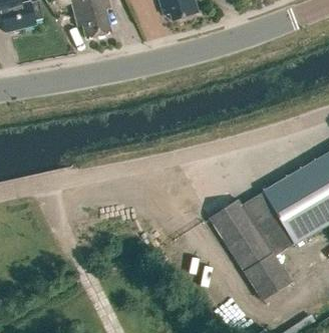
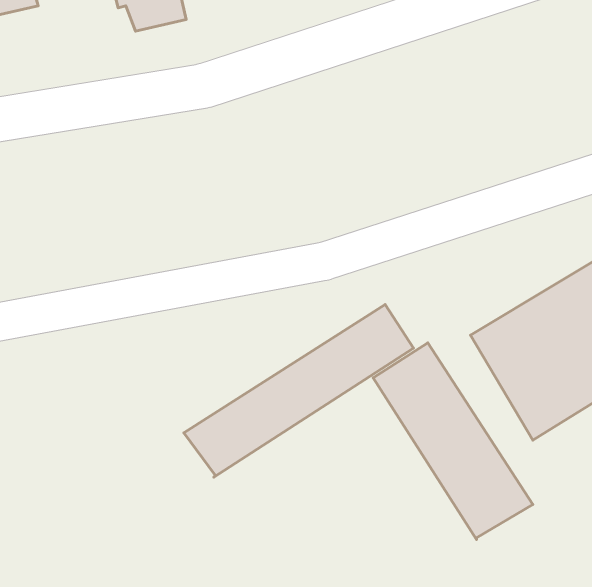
building: none -> [184,304,413,477]

